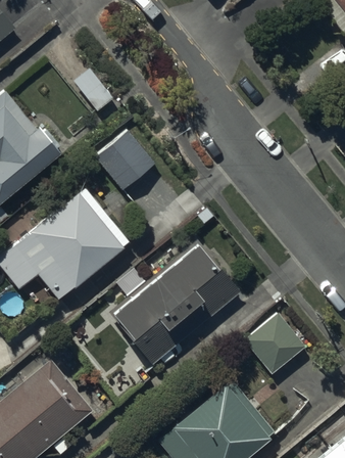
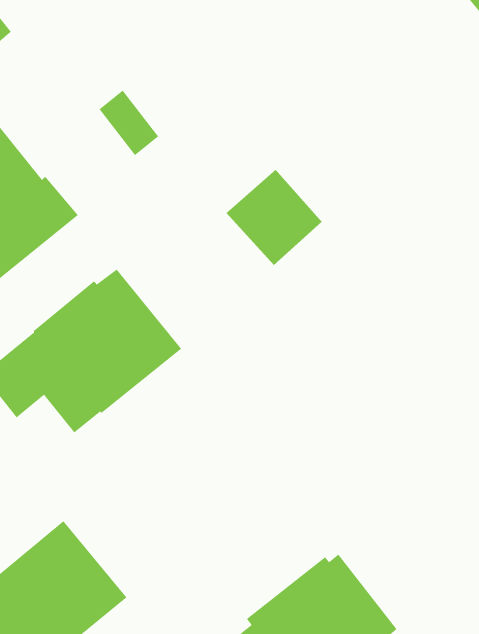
building: [94,129,159,194] -> [225,169,323,266]
building: [112,239,241,364] -> none
building: [244,313,305,374] -> none

